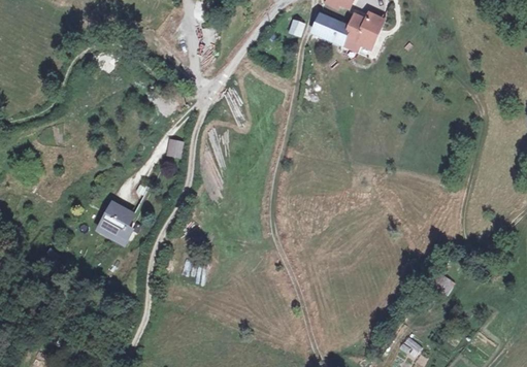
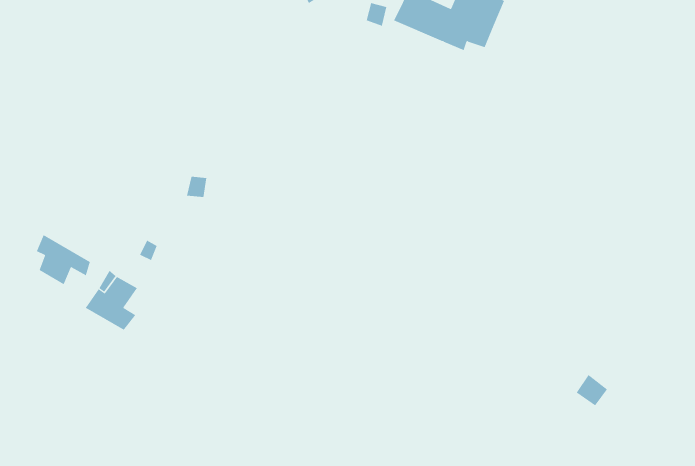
building: none -> [36,234,91,285]

